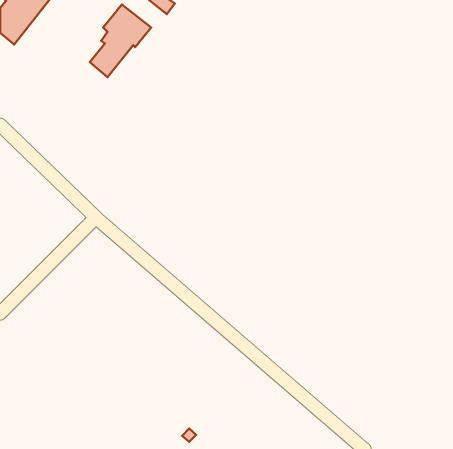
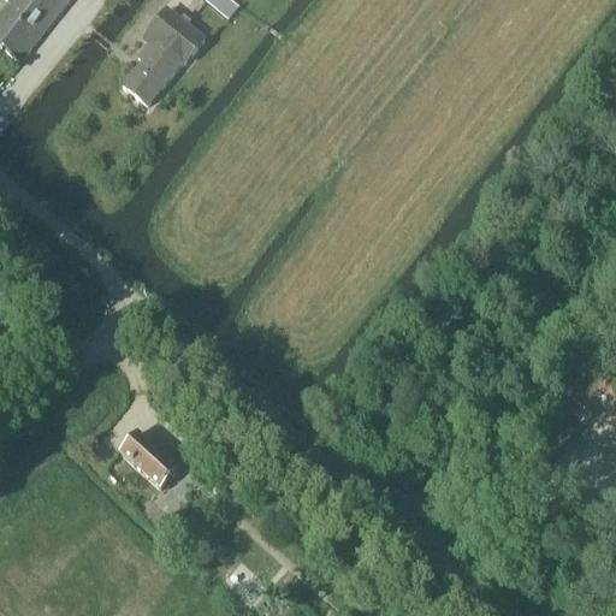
building: none -> [119,432,178,488]

